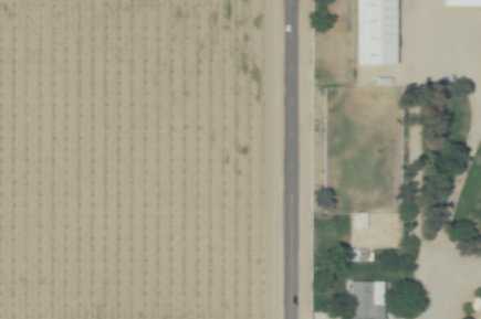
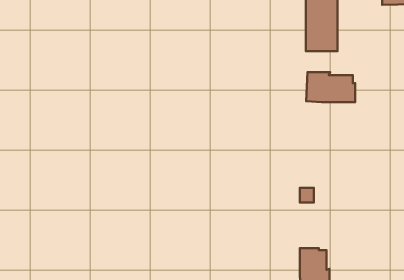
building: none -> [306,72,355,102]

